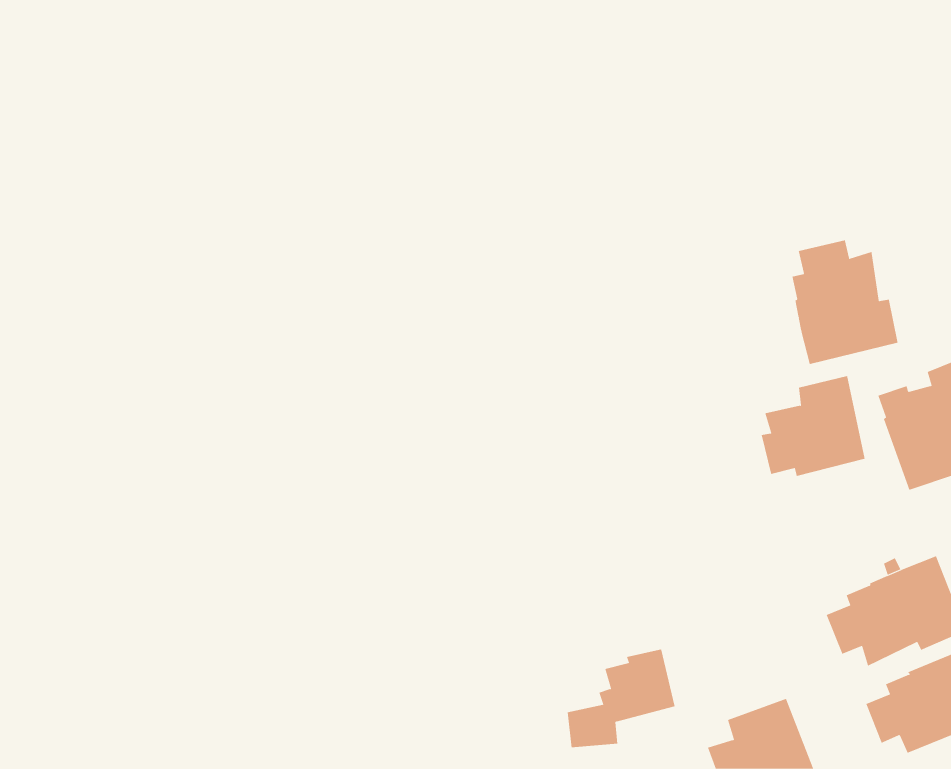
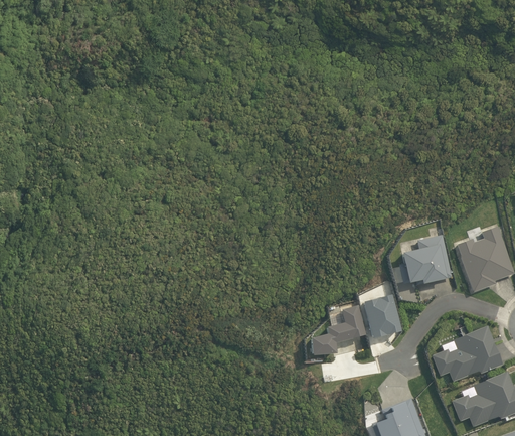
building: [792,239,898,365] -> none
building: none -> [362,295,400,339]
building: [567,649,676,748] -> [309,306,364,356]

